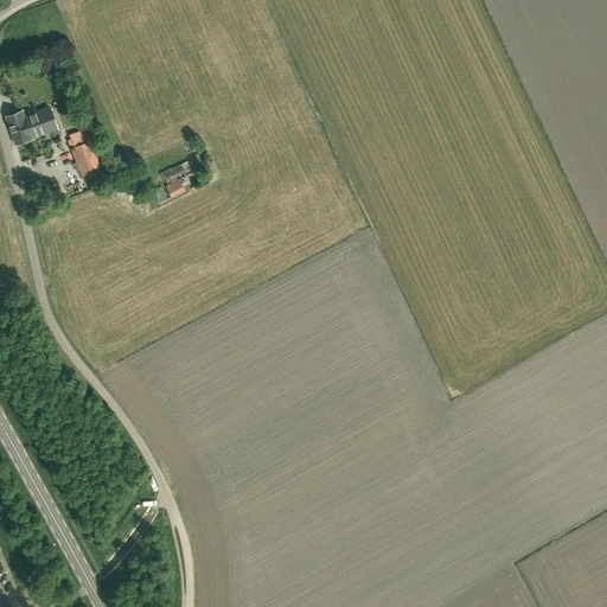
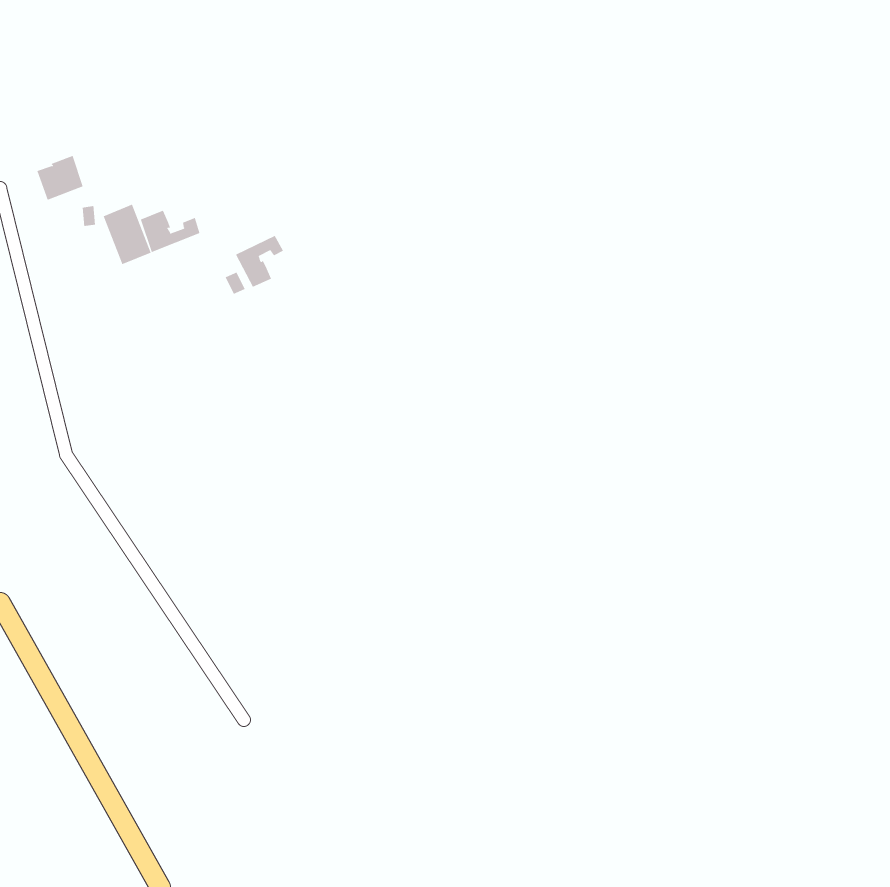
building: [6,110,32,142] -> none
building: none -> [140,210,200,253]

